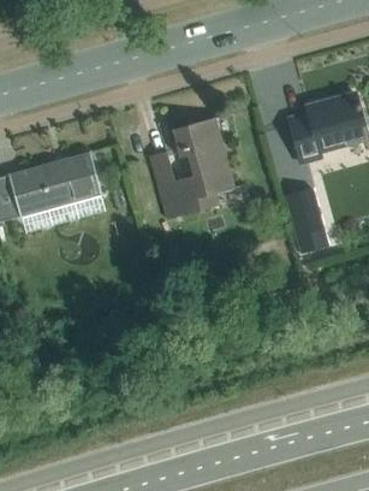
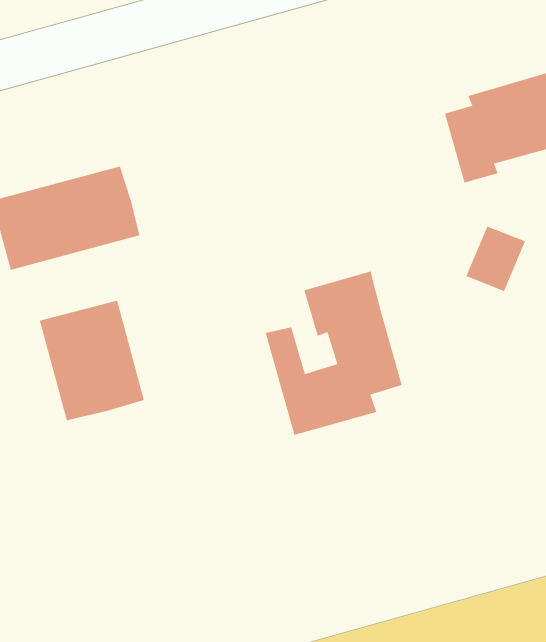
building: [149,117,234,219] -> [265,271,402,435]
building: none -> [39,300,145,421]

